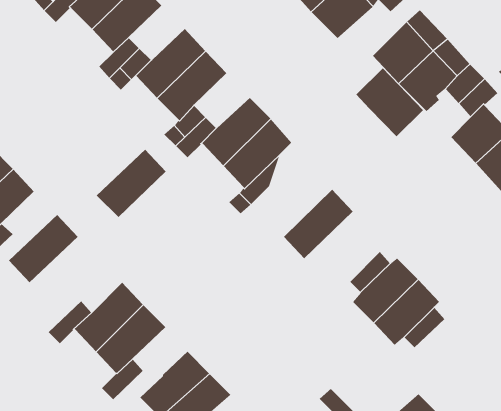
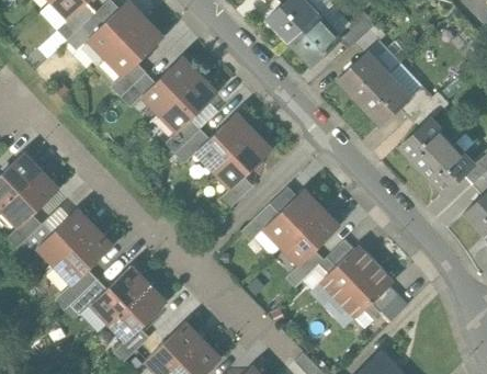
building: [356,68,424,137] -> none
building: [96,149,166,218] -> [54,228,112,285]
building: none -> [281,207,339,265]

